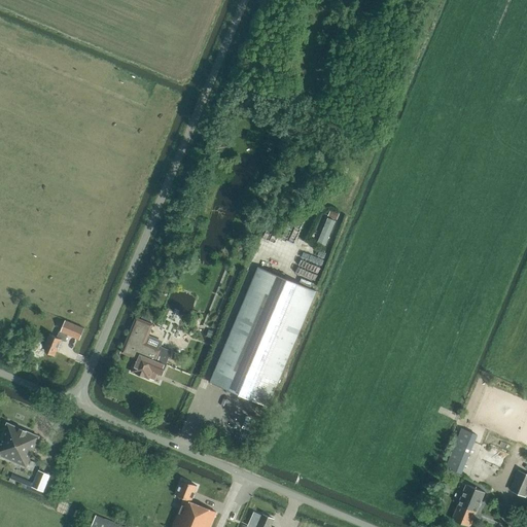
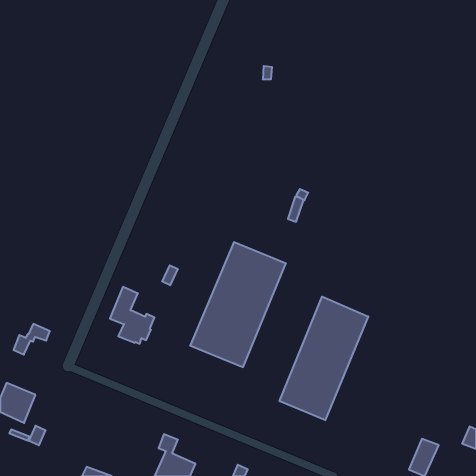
building: [43,322,83,356] -> [14,324,50,355]
building: none -> [280,297,368,420]
building: [446,436,475,473] -> none

